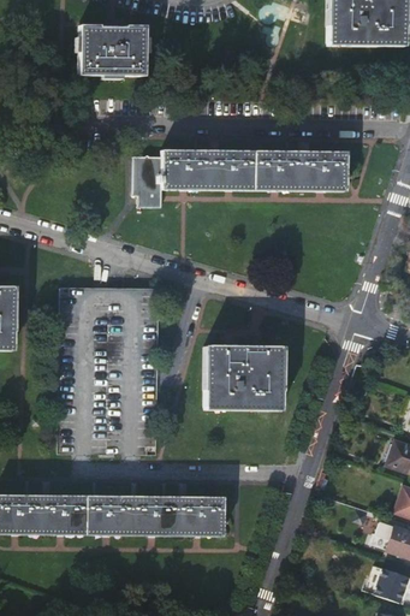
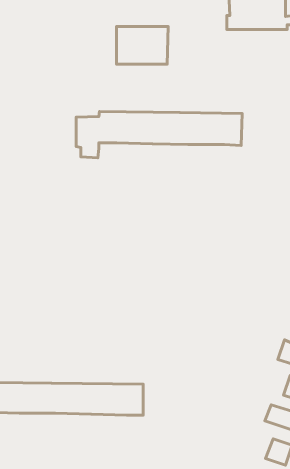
building: [81,26,147,75] -> [116,27,168,64]
building: [202,346,280,409] -> none

